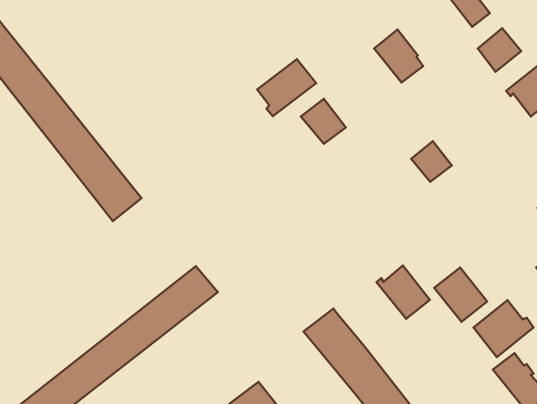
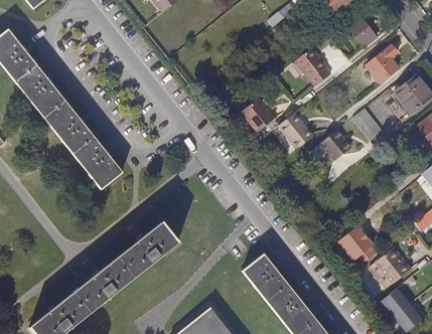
building: [257,59,316,116] -> none
building: none -> [353,108,383,140]
building: none -> [278,113,314,151]
building: [377,265,430,319] -> none

